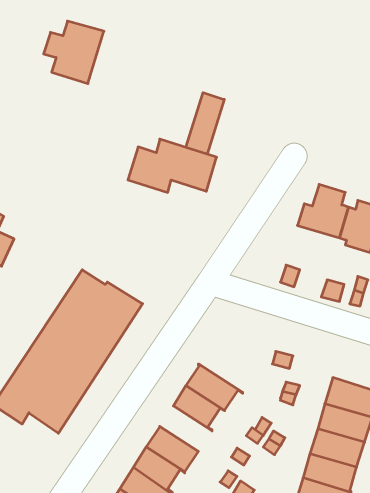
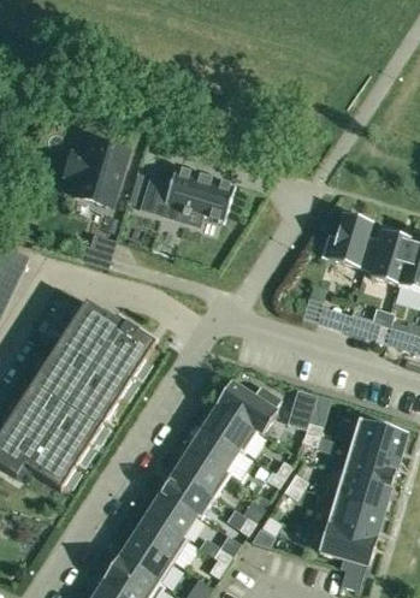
building: [44,21,104,84] -> [65,140,129,206]
building: [186,93,224,154] -> none
building: none -> [215,380,282,433]
building: none -> [174,448,230,496]

